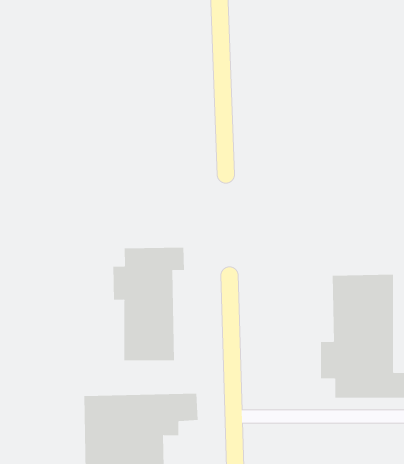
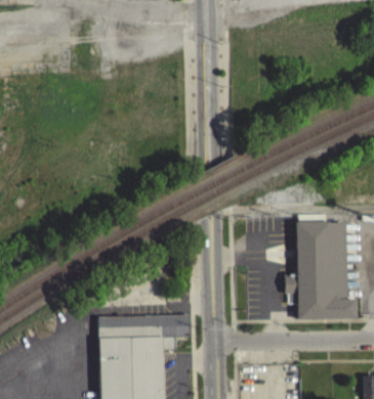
building: [113,247,184,361] -> none

